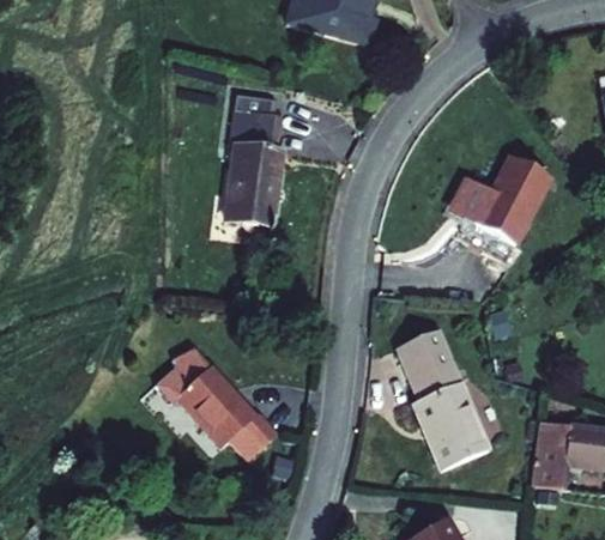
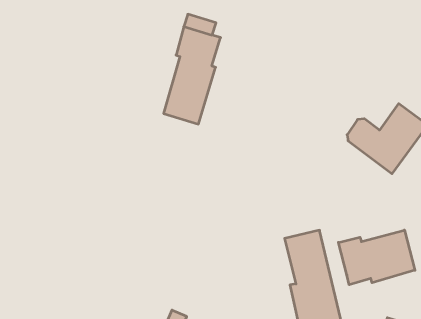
building: none -> [338,230,415,285]
building: [157,352,277,459] -> none

